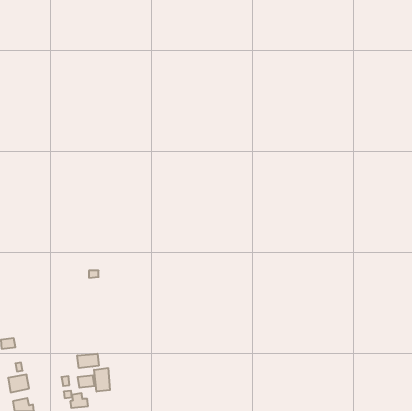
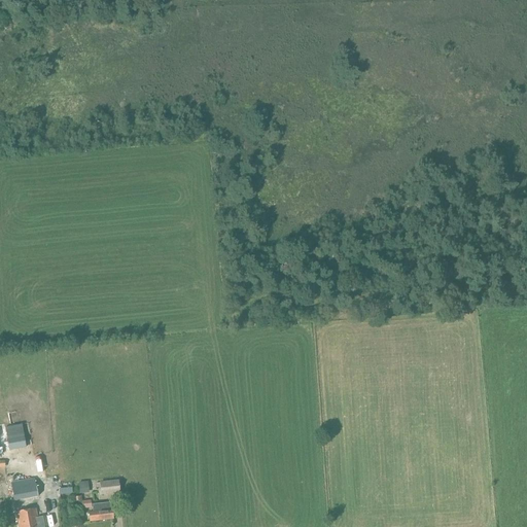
building: [77,354,99,368] -> none
building: [94,368,110,392] -> none

